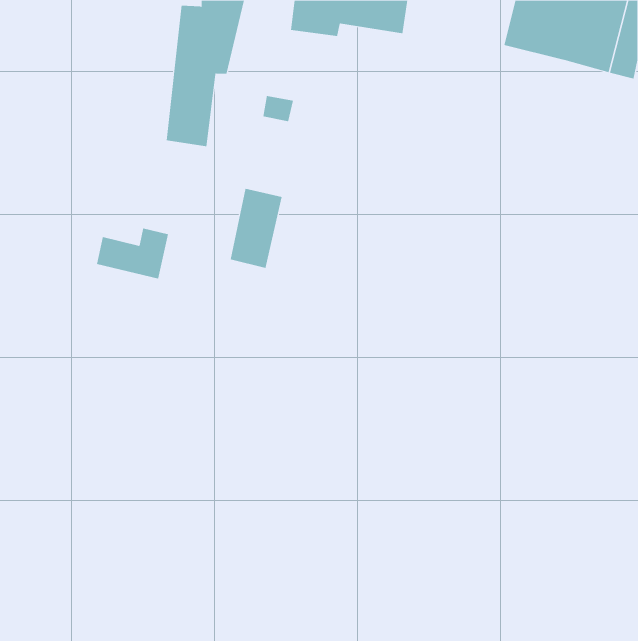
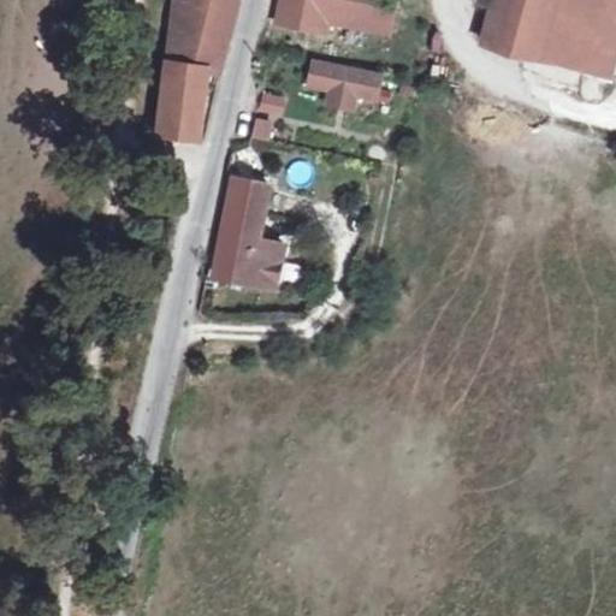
building: none -> [308,64,378,101]
building: [96,228,169,279] -> [214,241,284,290]

